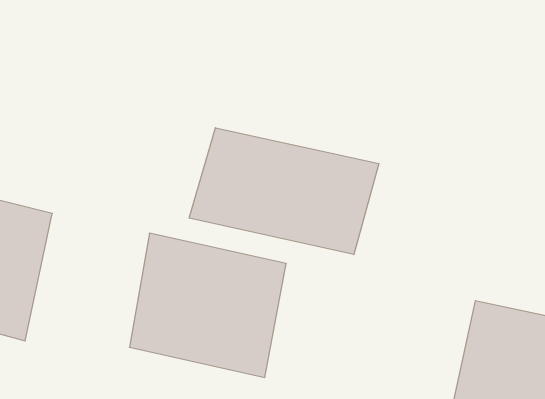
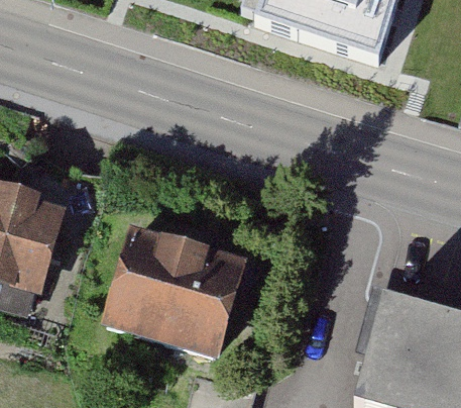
building: [189,128,379,255] -> none

